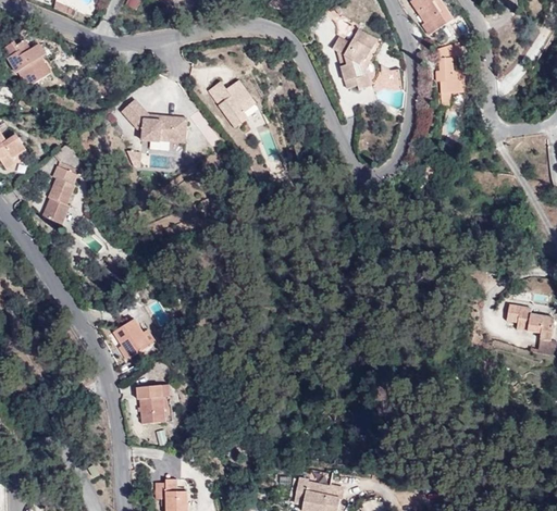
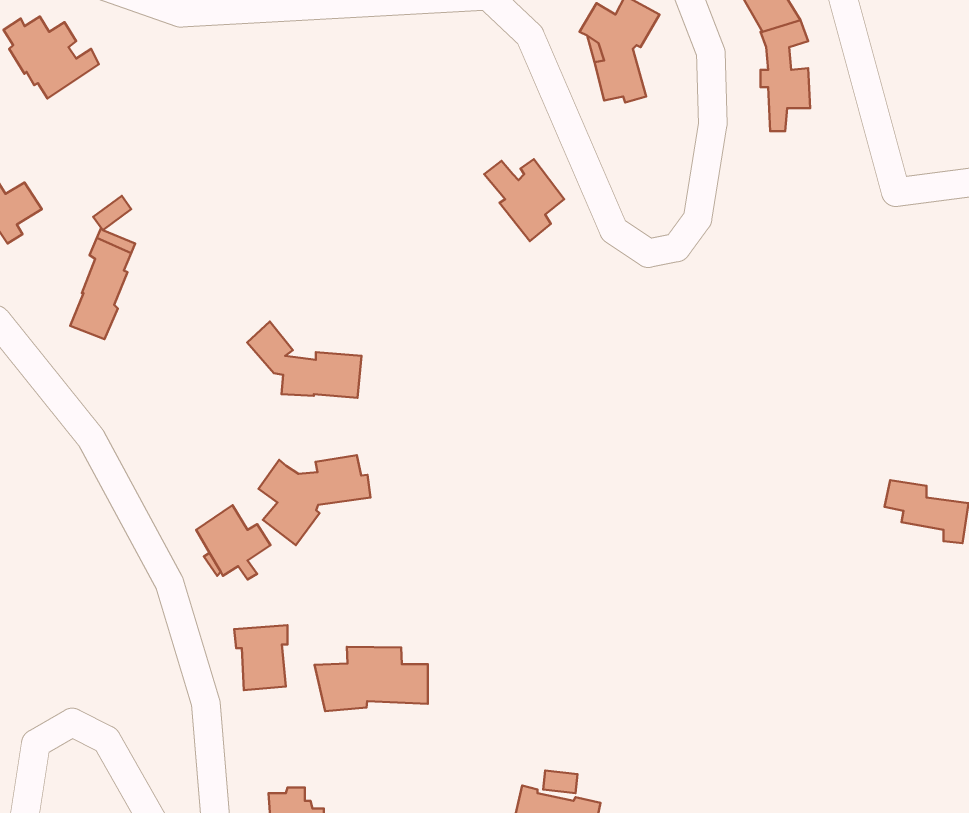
building: [377,67,403,89] -> none
building: [212,80,258,127] -> [484,159,564,241]
building: [122,99,187,142] -> [247,322,361,398]
building: none -> [258,455,371,545]
building: none -> [314,647,428,711]

